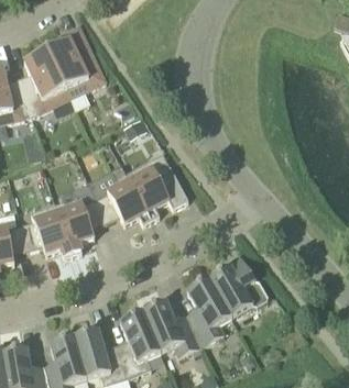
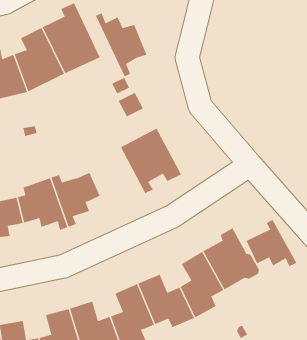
building: none -> [95,13,147,77]
building: [95,160,151,221] -> none
building: none -> [246,219,297,267]

